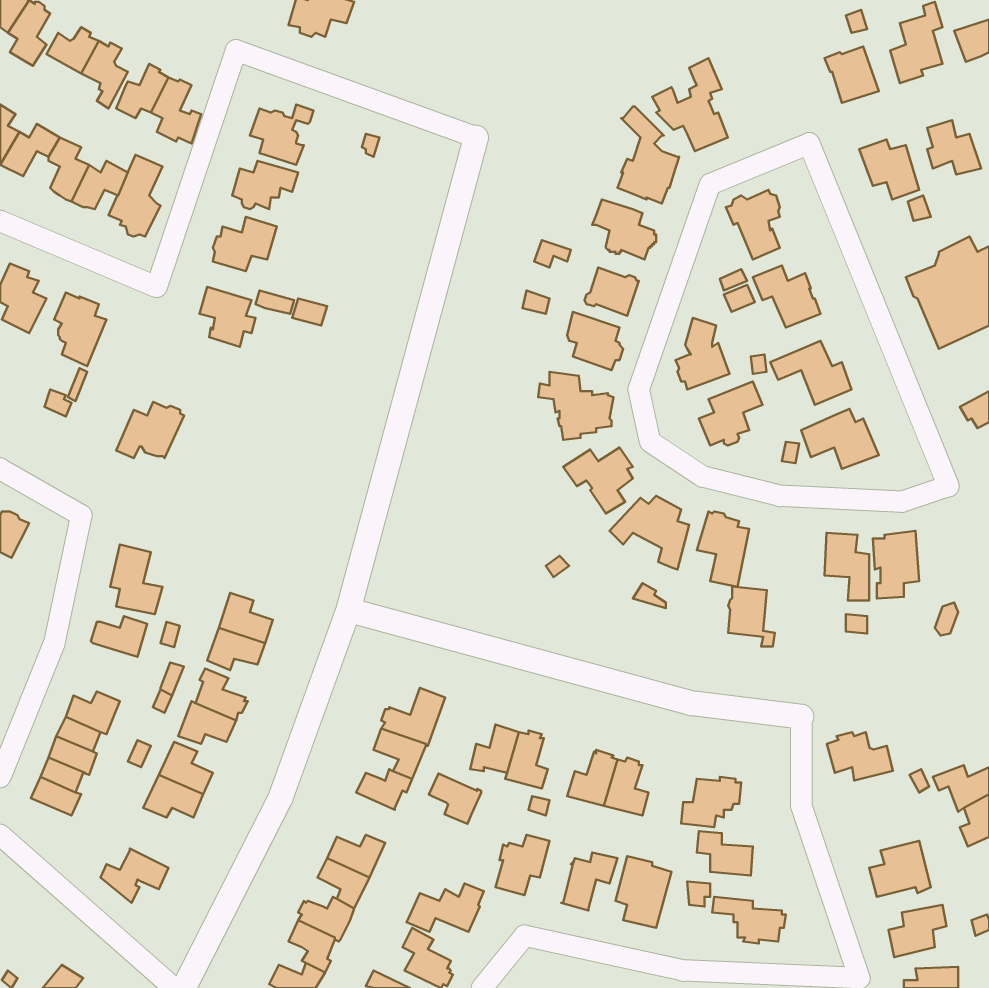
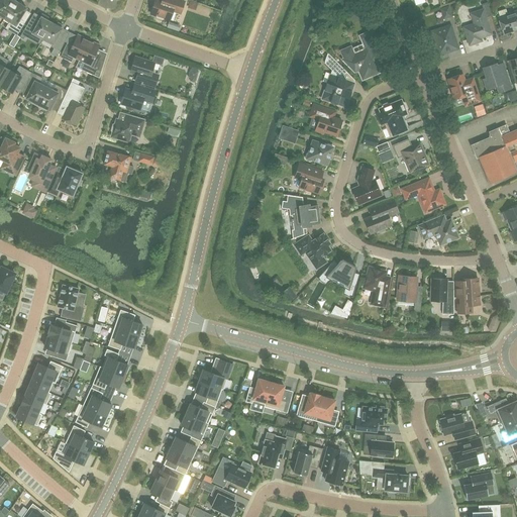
building: [116,402,184,458] -> [47,166,83,195]
building: [728,586,775,646] -> [397,275,421,306]
building: none -> [44,335,72,359]
building: [827,732,893,781] -> [440,413,475,438]
building: [429,773,481,824] -> [181,413,208,439]
building: none -> [66,424,94,452]

